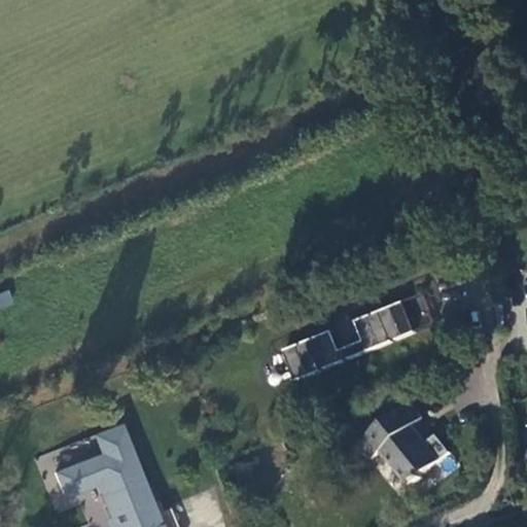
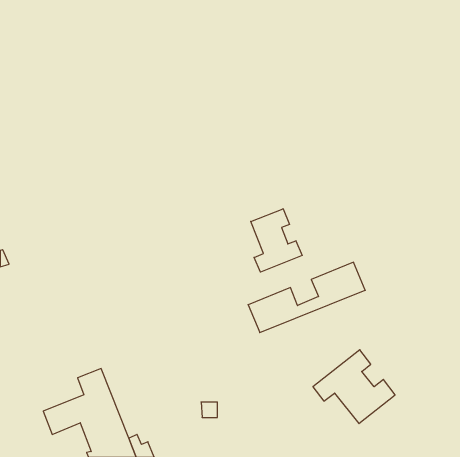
building: none -> [251,209,302,272]

